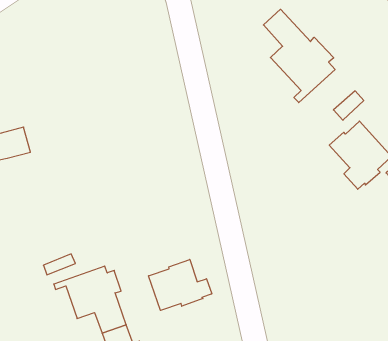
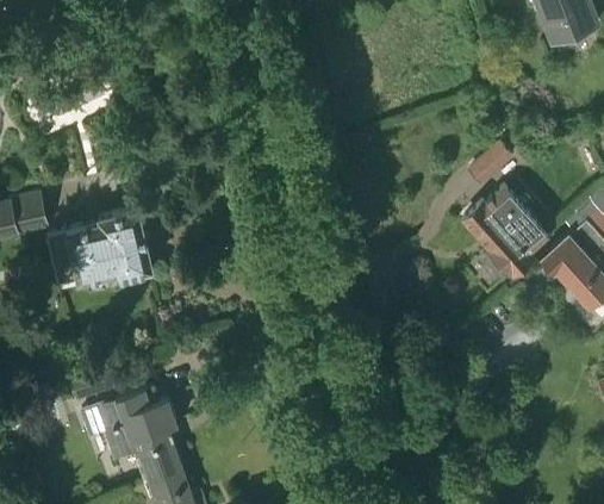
building: [263,9,335,103] -> none
building: none -> [45,209,152,288]
building: [149,259,212,310] -> none

